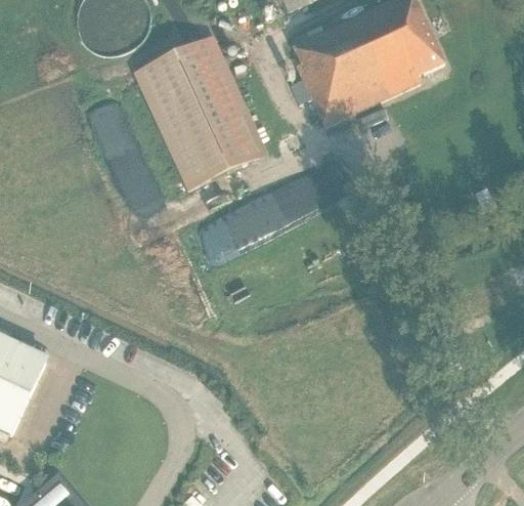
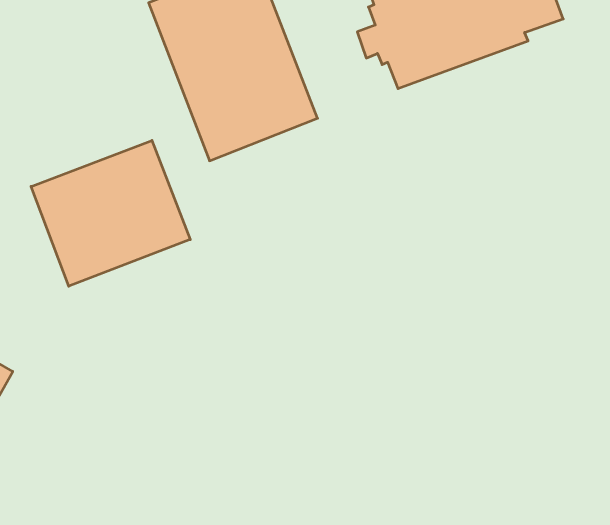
building: none -> [31,140,190,286]

